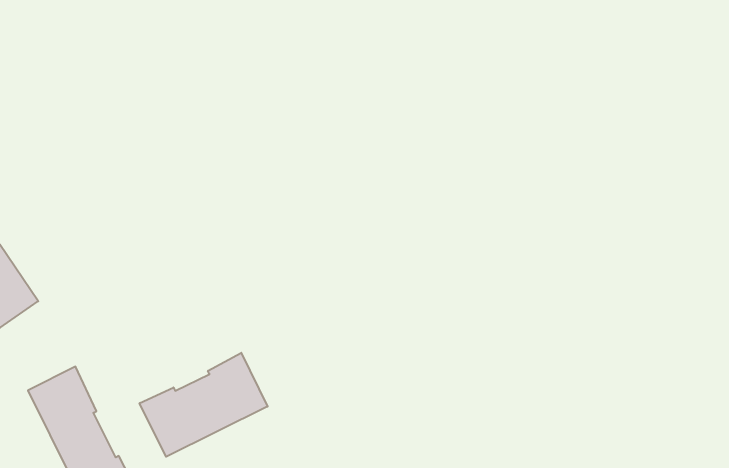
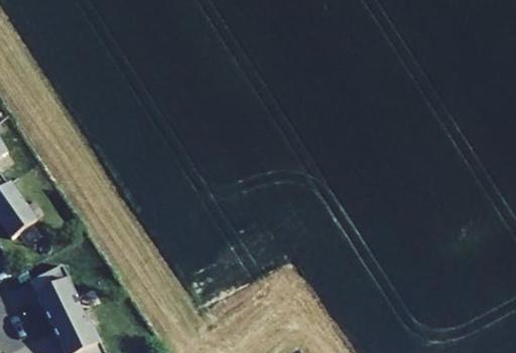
building: [140,353,268,457] -> none

